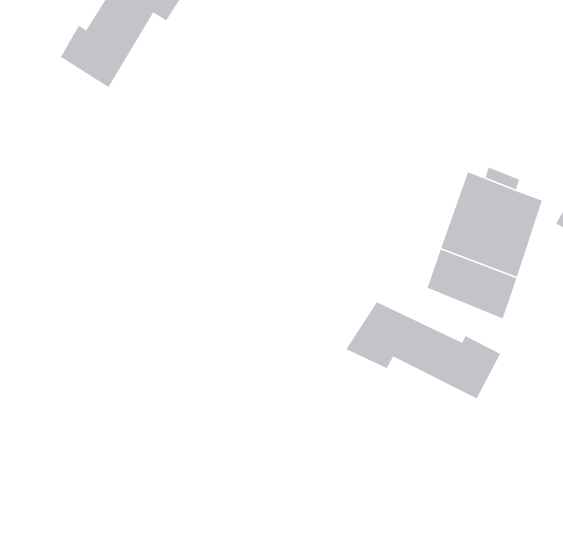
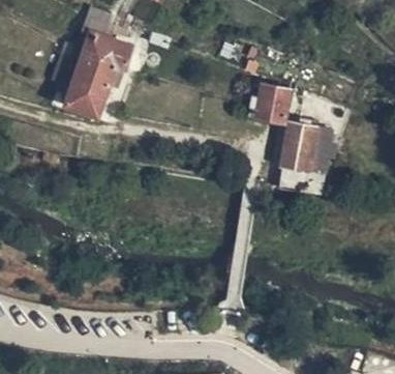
building: none -> [252,81,288,115]
building: [345,301,501,399] -> none

